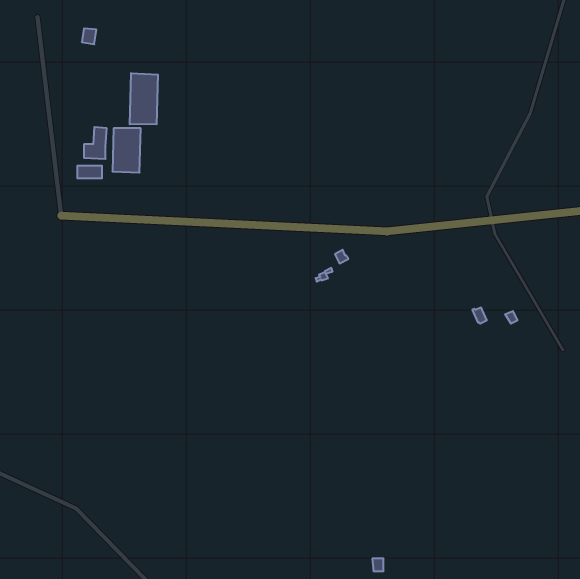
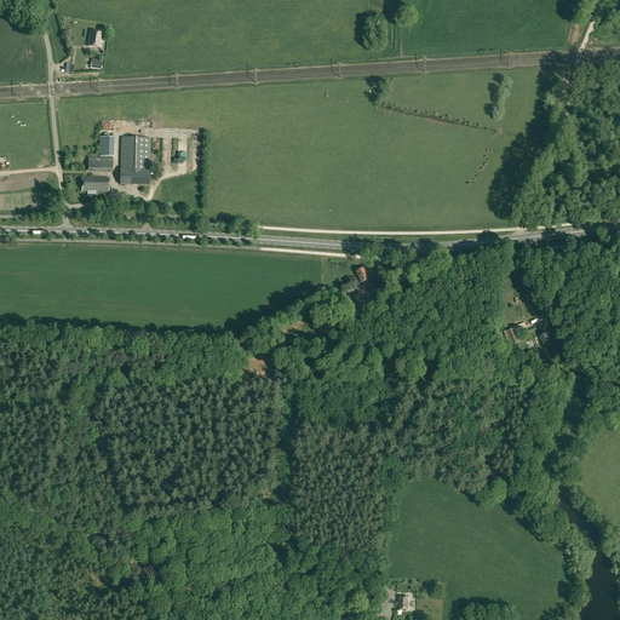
building: [130,73,158,124] -> none

